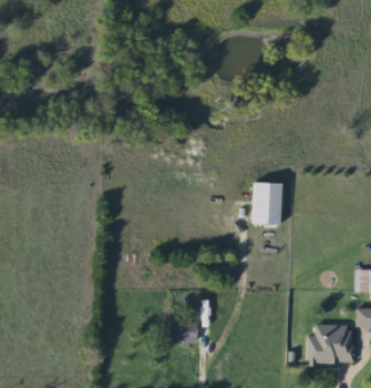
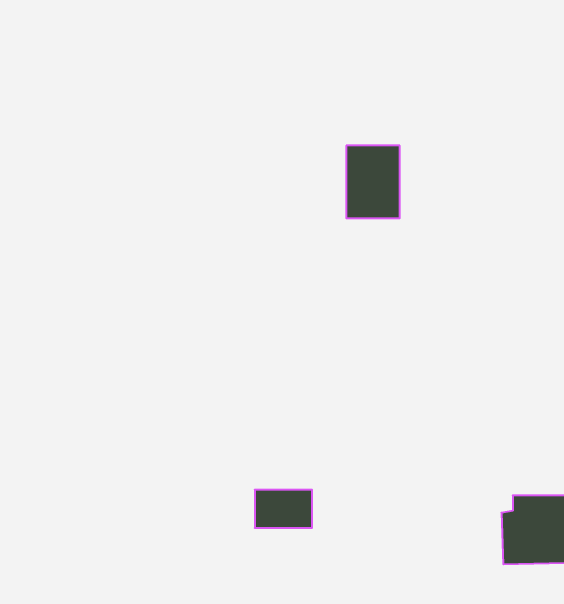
building: [251,182,282,224] -> [346,146,400,218]

